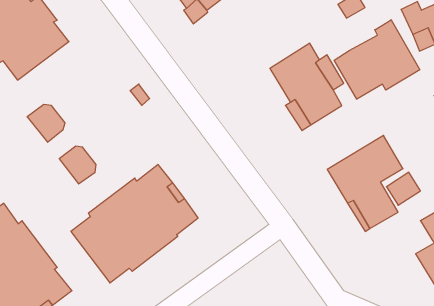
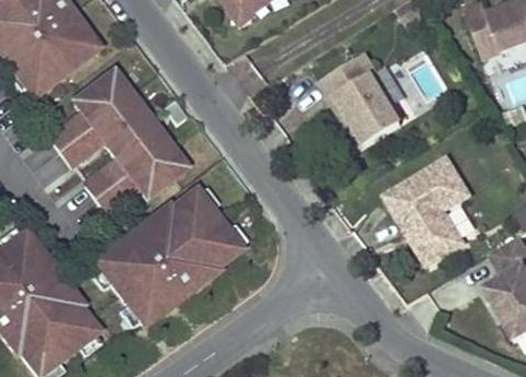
building: [334,20,420,99] -> none
building: none -> [73,69,186,196]

